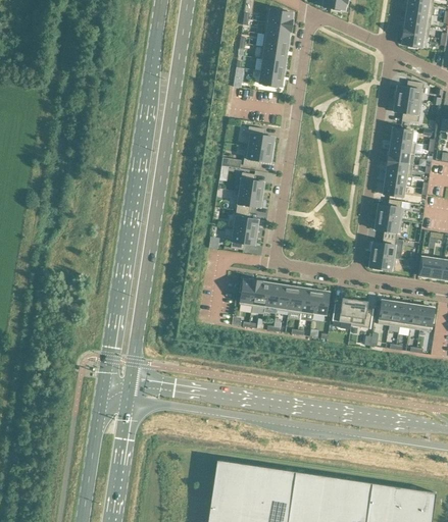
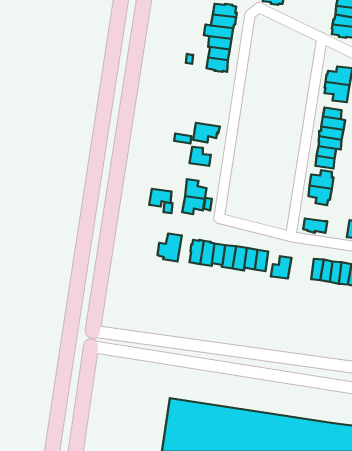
building: [247,126,276,150] -> none
building: [237,192,262,212] -> [149,189,171,207]
building: [371,238,404,259] -> none
building: none -> [157,233,182,262]
building: [351,300,374,329] -> none

